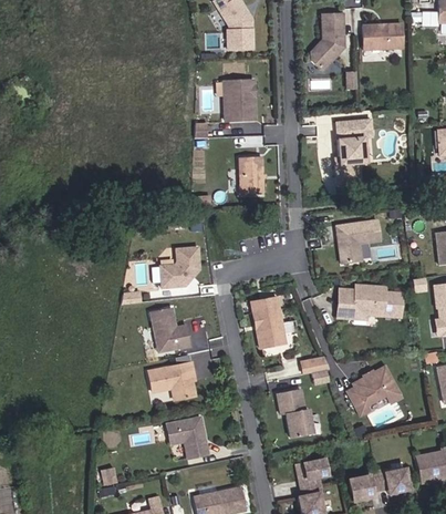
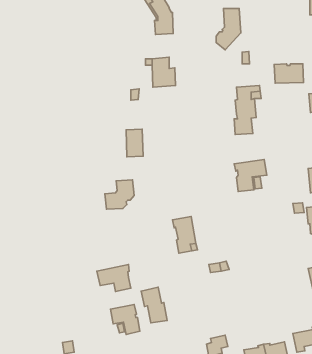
building: [362,23,402,50] -> [274,64,304,83]
building: [239,156,262,194] -> [126,129,143,157]
building: [336,285,402,318] -> none
building: [151,307,190,351] -> none
building: [346,366,401,415] -> none
building: [277,388,312,436] -> [141,287,167,323]

